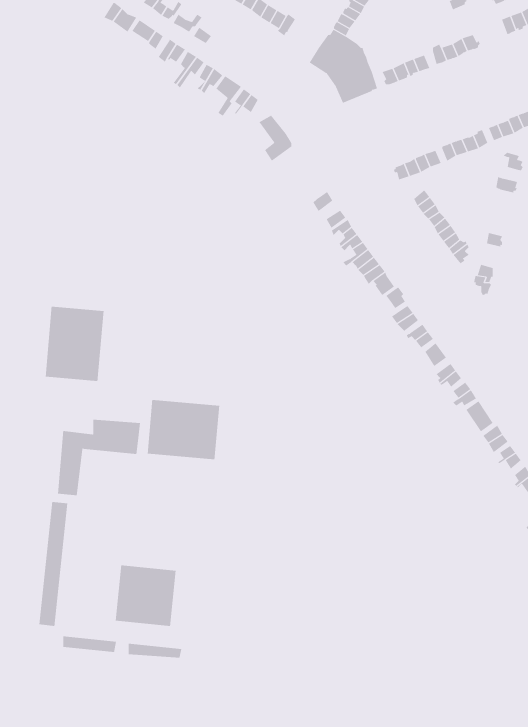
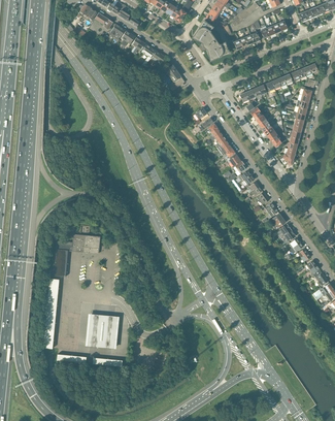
building: [45,306,104,382] -> none
building: [147,399,220,460] -> none

